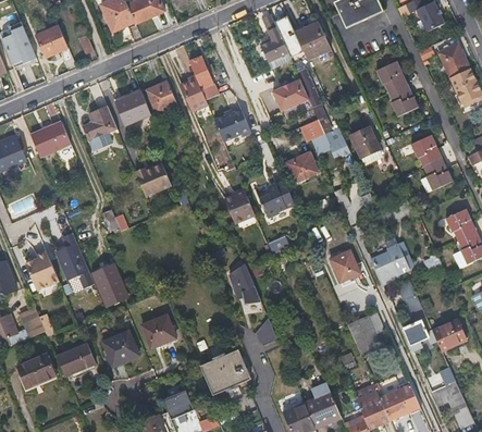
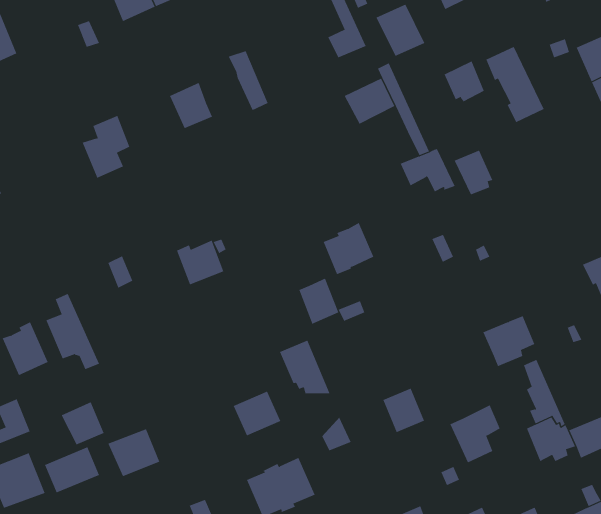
building: [35,25,67,57] -> none
building: none -> [444,61,485,102]
building: [180,75,207,109] -> none
building: [114,86,151,123] -> none
building: [213,109,251,140] -> none
building: [30,119,72,155] -> none
building: [410,126,453,184] -> none
building: [285,151,318,182] -> none
building: [136,161,171,194] -> [176,240,224,285]
building: [224,187,254,221] -> [298,278,339,325]
building: [331,250,361,283] -> [383,388,425,433]
building: [97,271,128,303] -> [61,402,105,445]
building: [140,312,175,345] -> [233,391,281,436]

